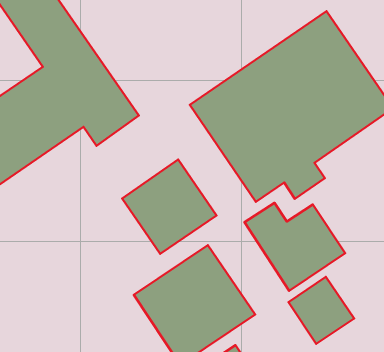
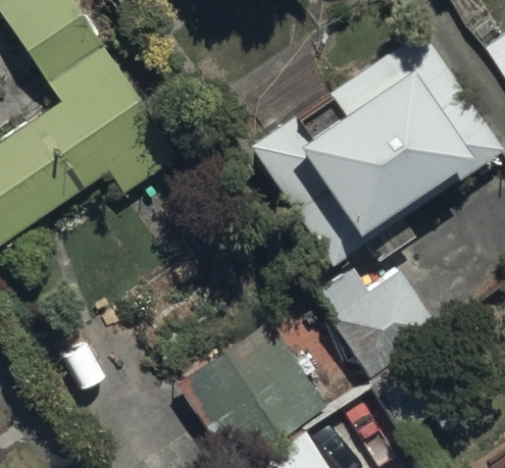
building: [122,159,217,254] -> none

